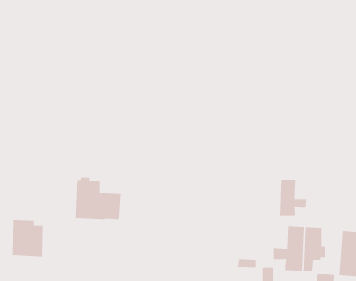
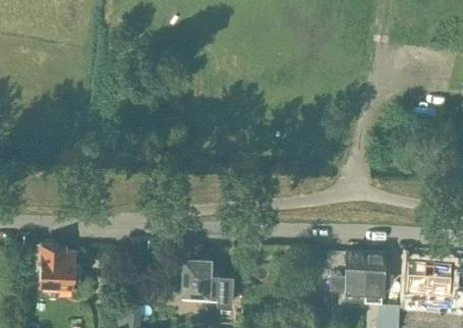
building: [75,177,121,220] -> [182,257,234,305]
building: [279,179,307,217] -> none

